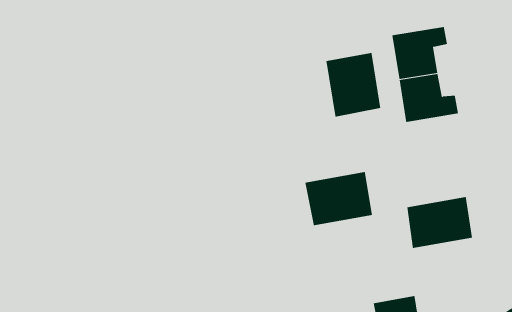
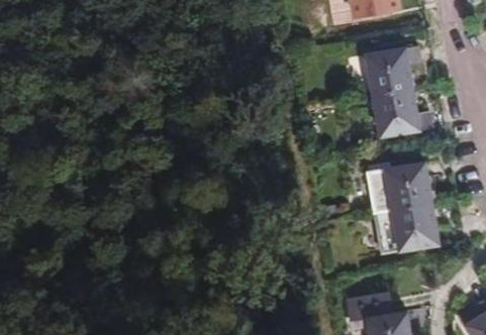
building: [326,52,381,118] -> none
building: [305,172,373,226] -> [371,164,434,215]

